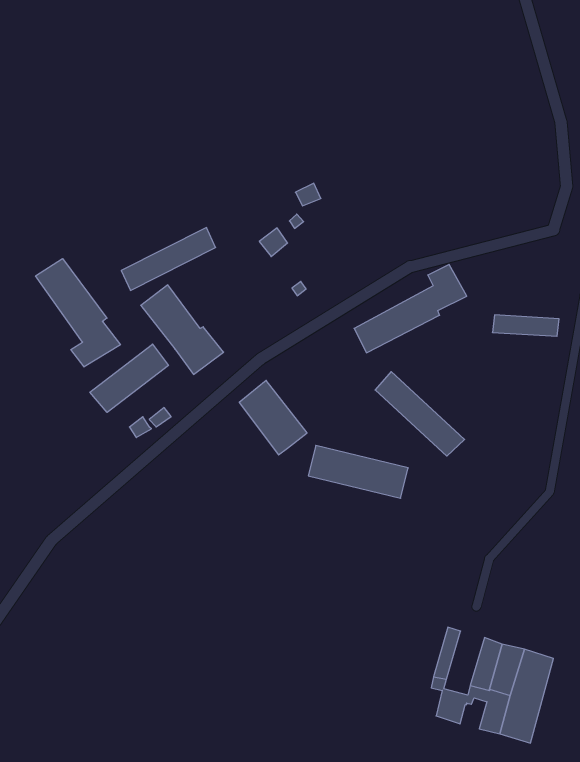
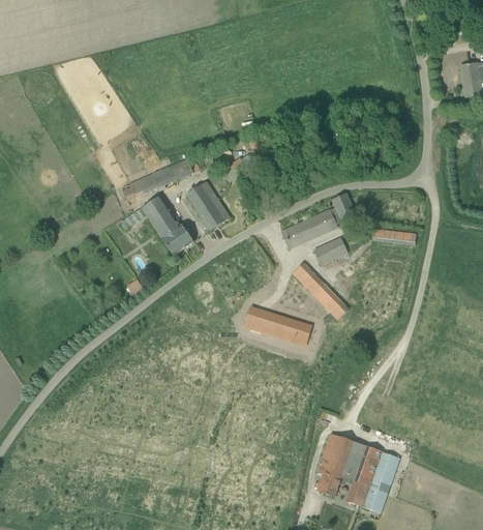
building: [36,259,120,367] -> none
building: none -> [313,237,346,264]
building: [90,344,168,412] -> none
building: [239,380,307,455] -> [186,180,230,230]
building: none -> [325,435,354,477]

